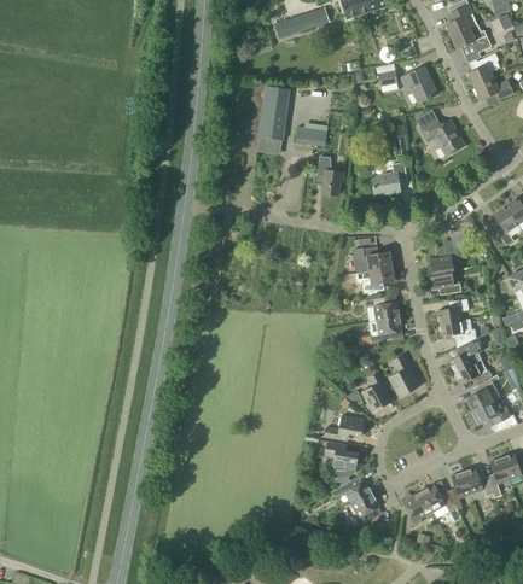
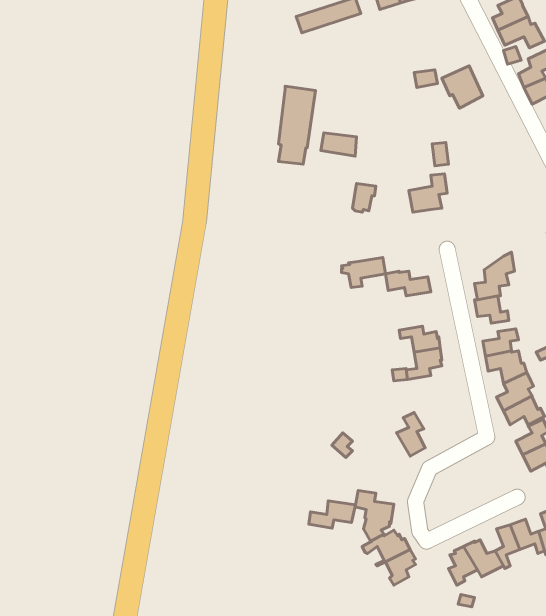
building: [418,117,465,156] -> none
building: [355,265,394,292] -> [342,258,385,288]
building: [388,354,417,397] -> none
building: [324,415,365,439] -> [309,501,356,528]

